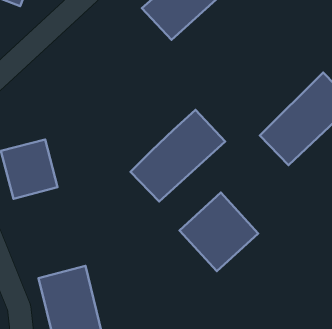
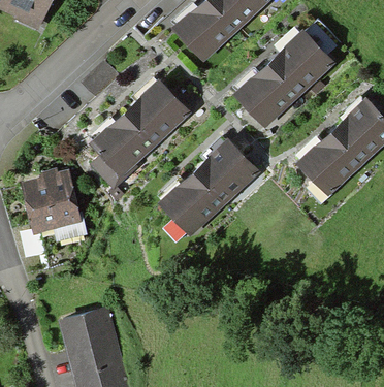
building: none -> [233,29,335,129]
building: none -> [92,82,189,176]
building: [179,193,258,271] -> none

